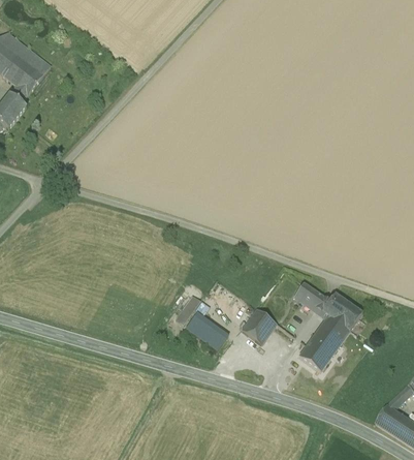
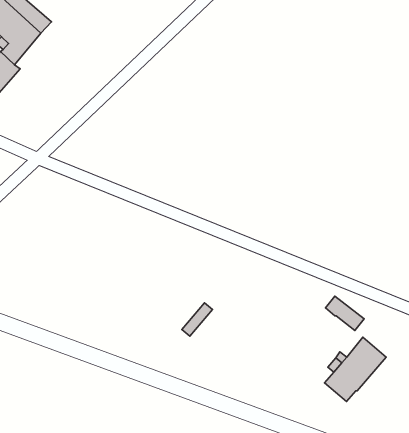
building: [322,292,362,330] -> none
building: [243,306,278,342] -> none
building: [187,310,229,348] -> none

